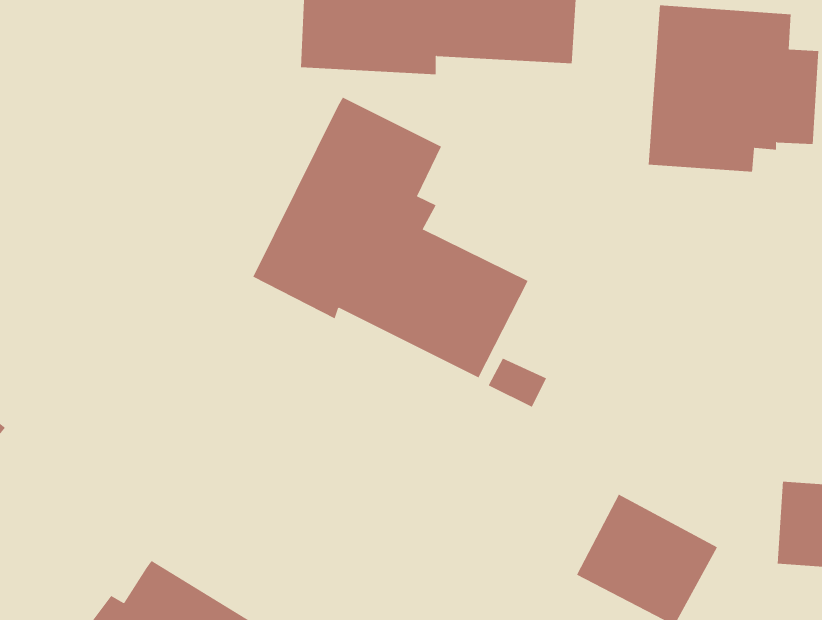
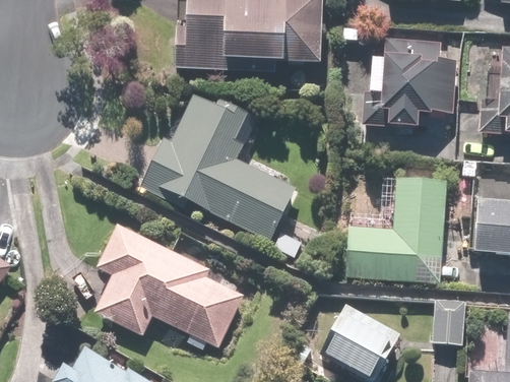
building: none -> [345,179,447,281]
building: none -> [94,222,243,347]

